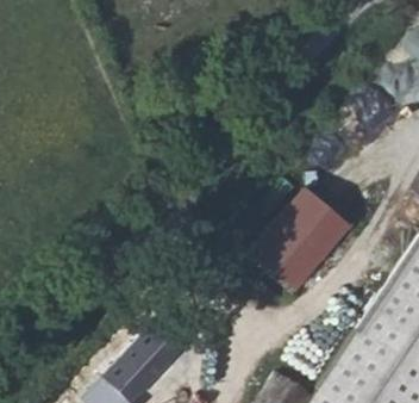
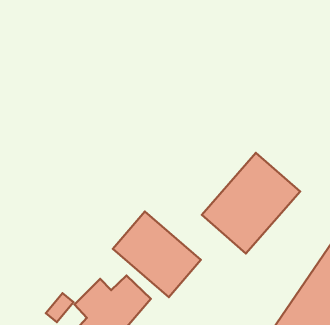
building: none -> [113,212,201,297]

